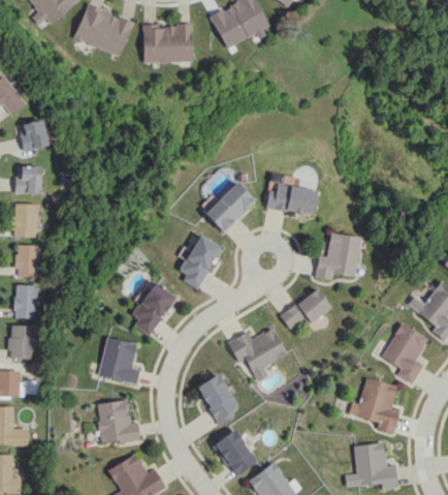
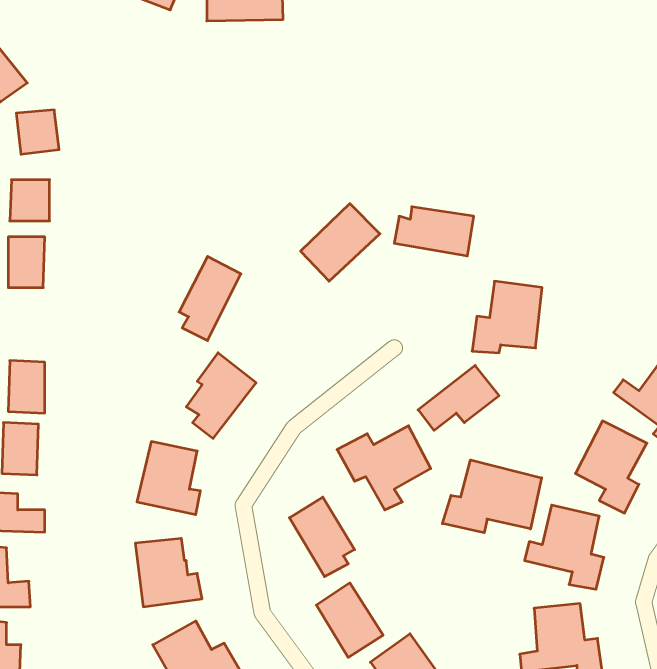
building: [179,235,219,289] -> [179,256,241,341]
building: [15,245,37,277] -> none
building: none -> [442,460,542,533]

